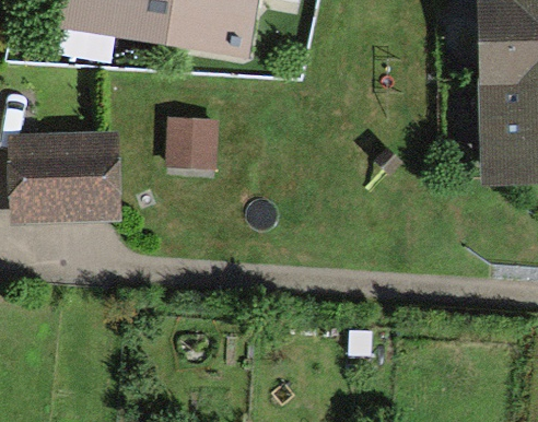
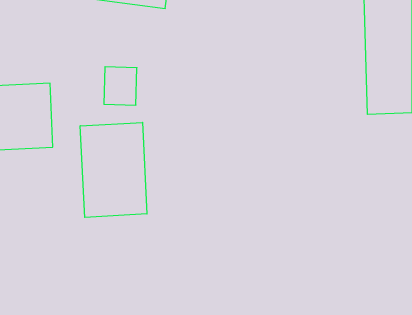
building: none -> [80,122,147,217]

